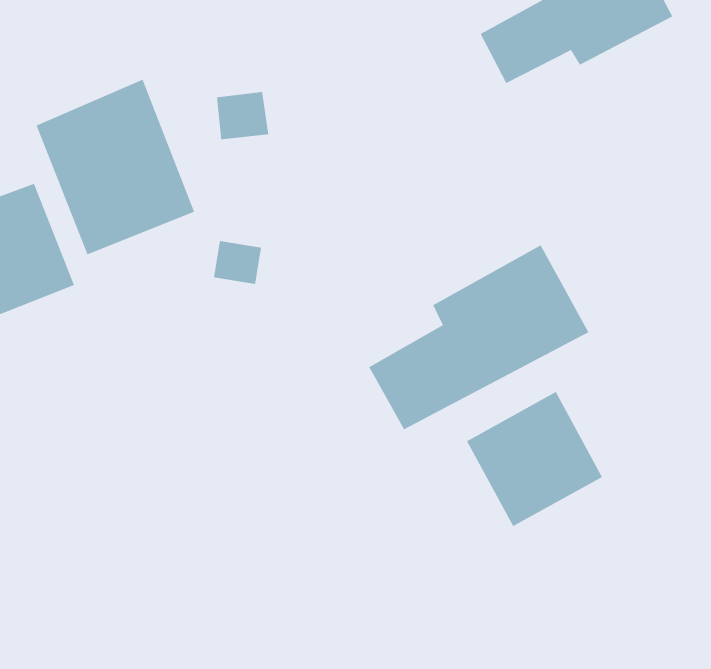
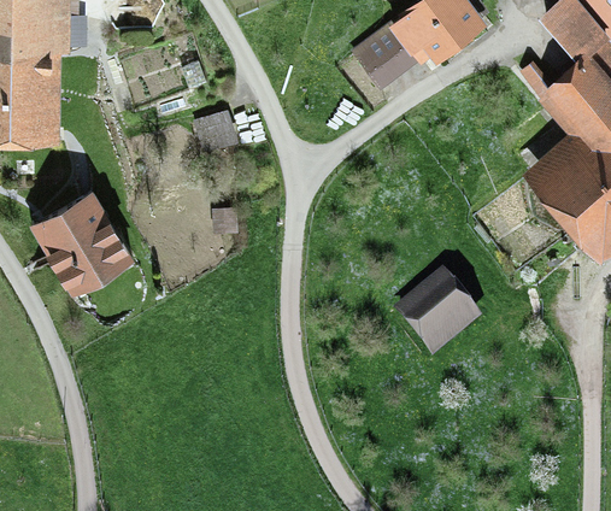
building: [36,79,195,255] -> none
building: [368,245,589,430] -> none

